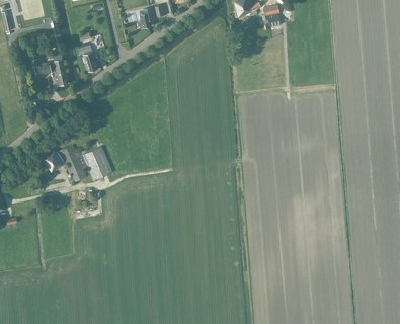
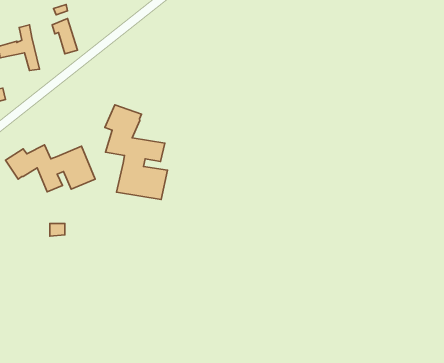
building: none -> [105,105,168,199]

